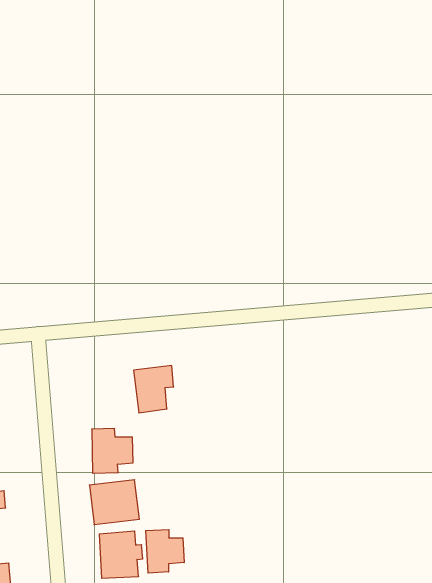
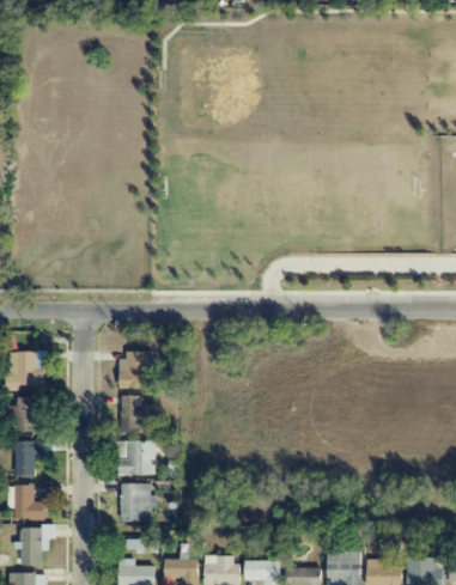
building: [134,366,174,413] -> [120,351,152,388]
building: [146,530,184,573] -> none

